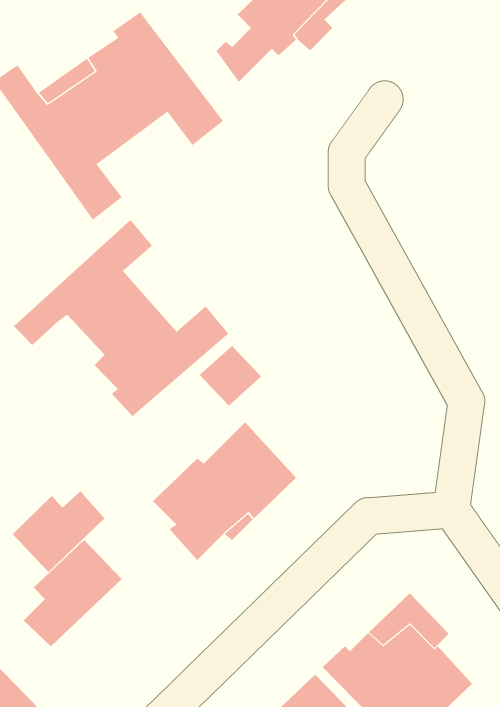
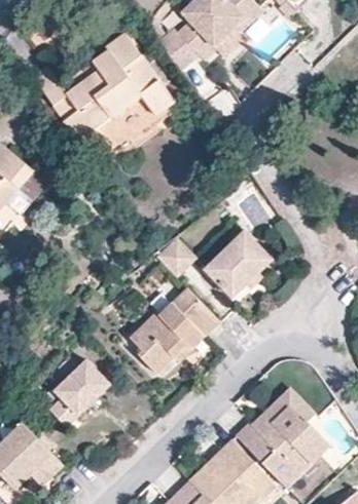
building: [13,219,229,417] -> none
building: none -> [206,231,272,297]
building: [12,490,105,573] -> none

